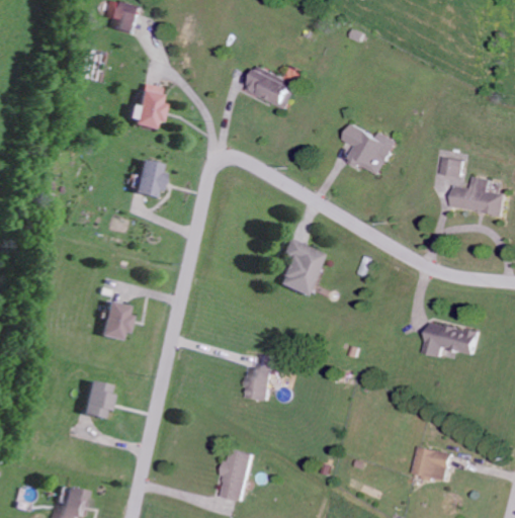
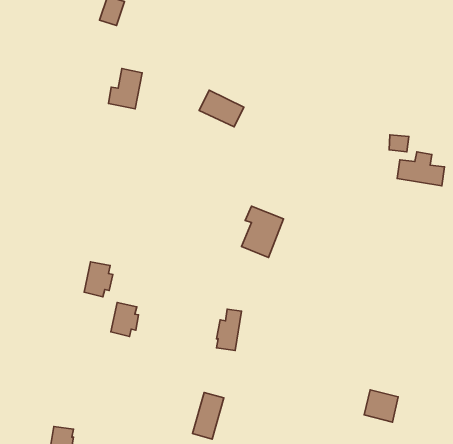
building: [245,67,295,108] -> [199,90,244,127]
building: [342,123,395,176] -> none
building: [130,158,160,196] -> none
building: [422,320,478,357] -> none
building: [78,379,109,418] -> [111,302,138,336]

